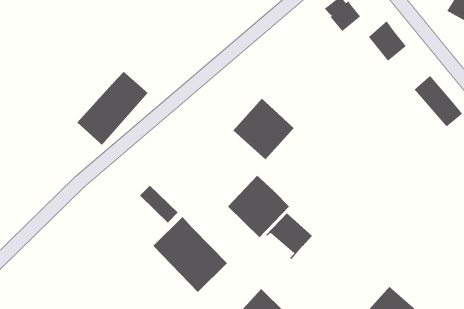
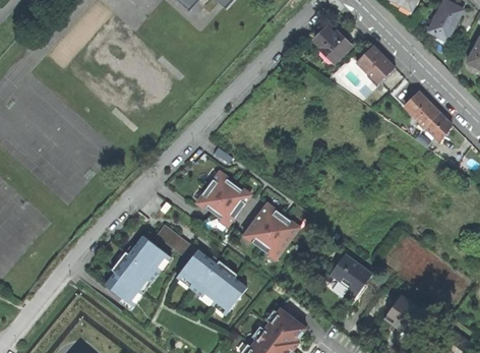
building: [76,71,149,146] -> [103,236,168,308]
building: [233,98,295,160] -> [194,169,252,227]
building: [265,213,313,260] -> [325,253,370,297]

